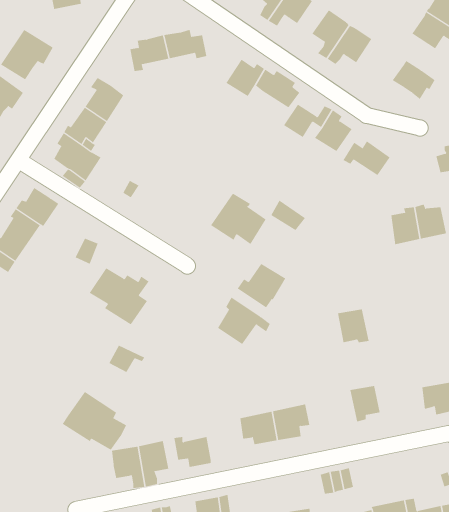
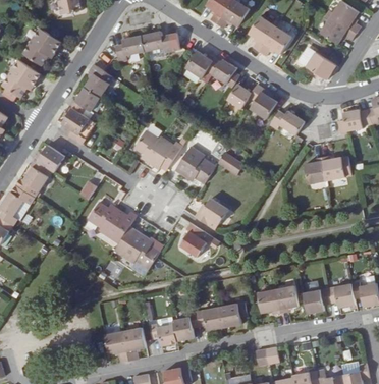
building: none -> [133,131,181,170]
building: [337,309,369,343] -> [257,290,280,315]
building: none -> [303,288,329,315]
building: [62,391,127,450] -> [113,226,160,269]
building: none -> [171,311,198,341]

